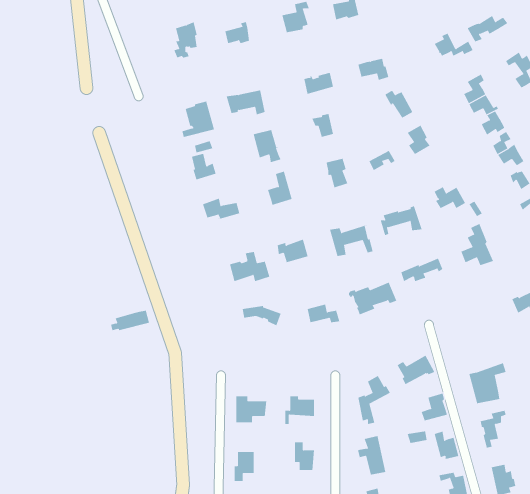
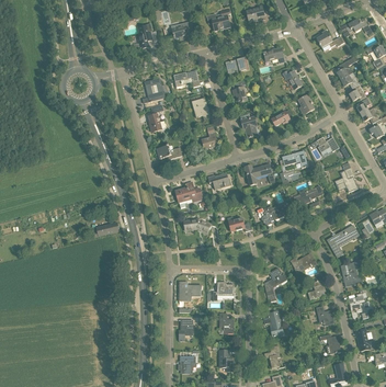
building: none -> [326,224,359,257]

